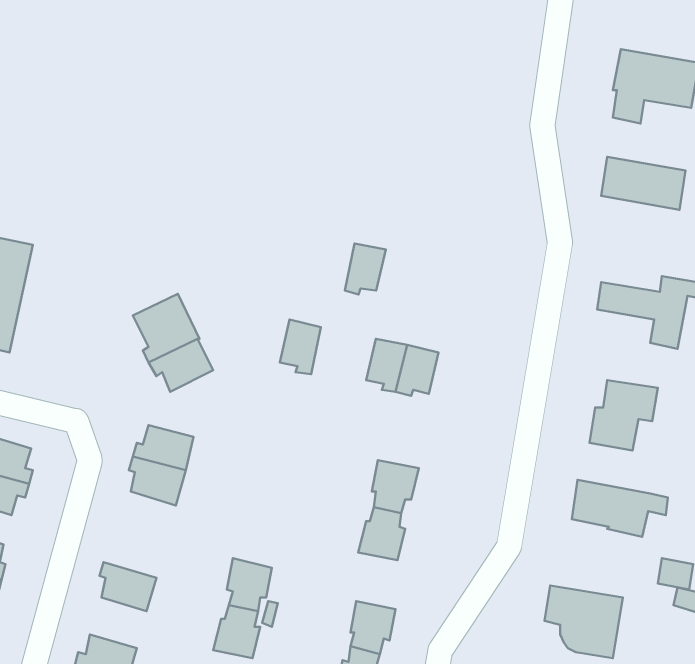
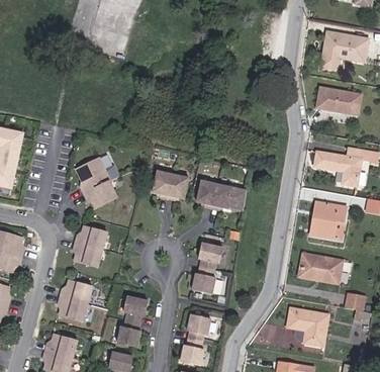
building: [345,244,386,294] -> [167,174,188,200]
building: none -> [60,279,92,303]

